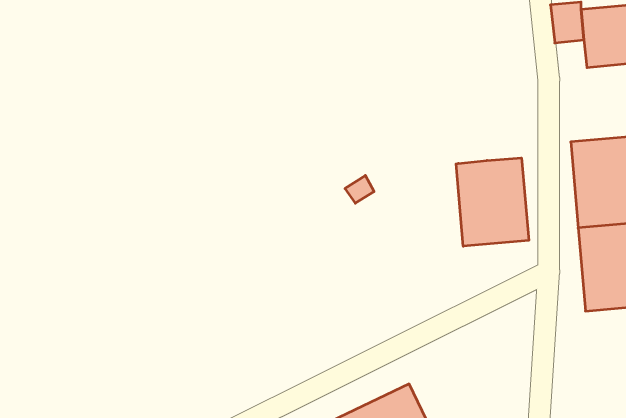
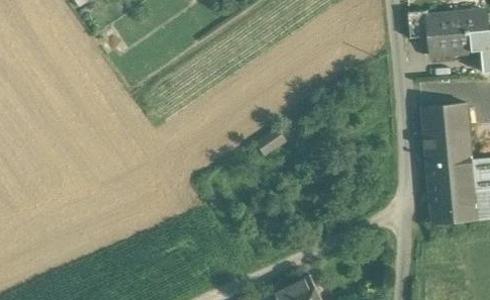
building: [456,158,529,246] -> none

